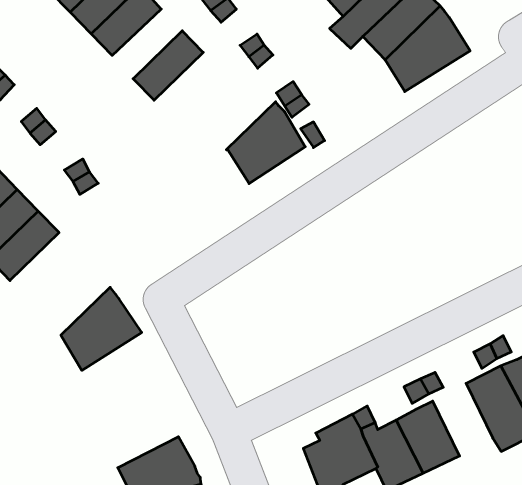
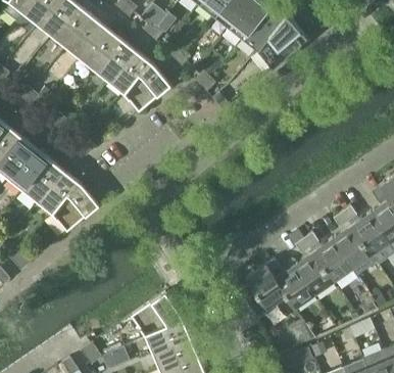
building: none -> [94,39,134,83]
building: [226,102,305,184] -> [122,61,169,112]
building: [61,287,142,370] -> [51,181,99,233]
building: none -> [313,238,352,282]

